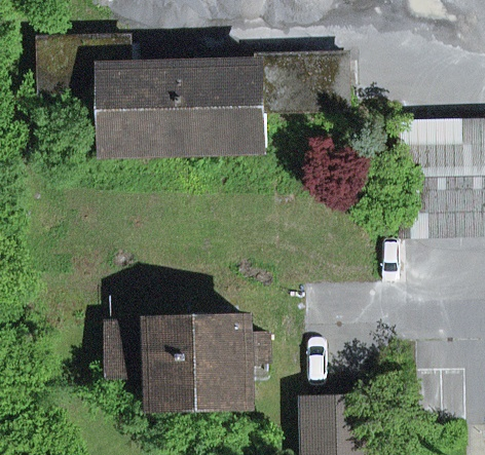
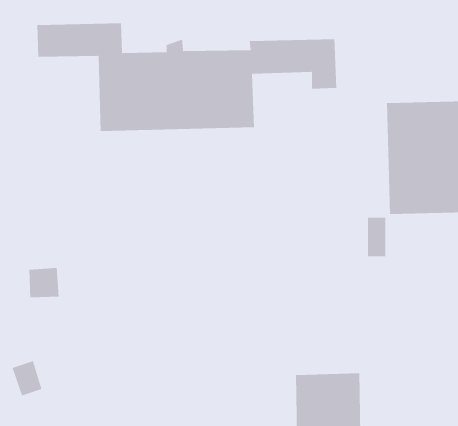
building: [112,323,270,407] -> none

